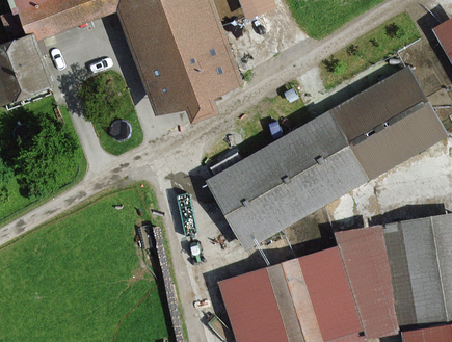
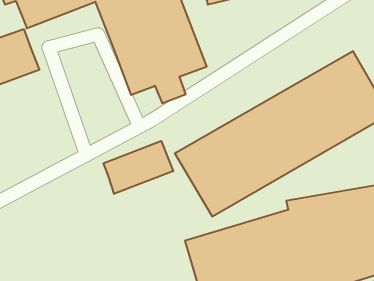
building: none -> [103,141,173,194]

